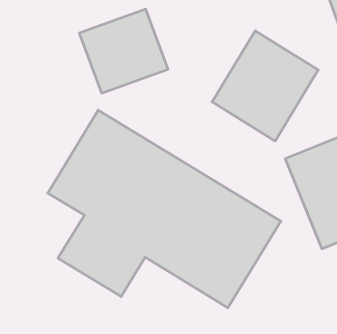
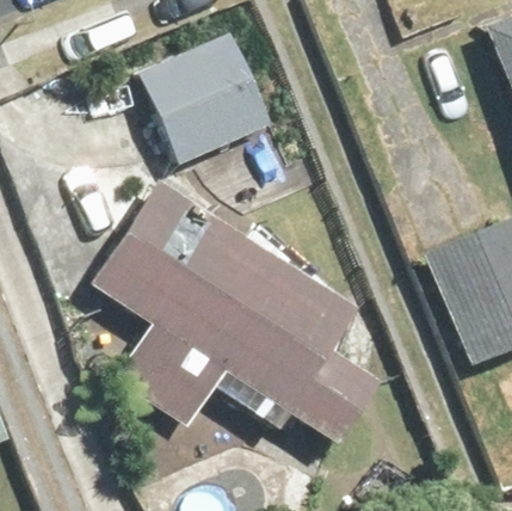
building: [212,31,318,141] -> none

